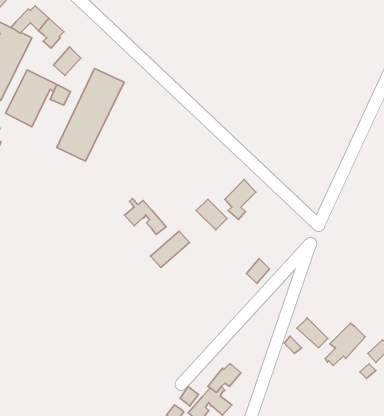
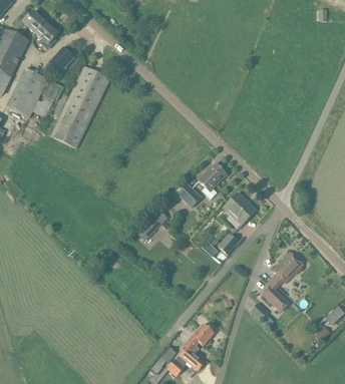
building: [124,198,166,235] -> none
building: none -> [224,193,256,225]
building: [325,323,365,365] -> [268,252,303,289]

